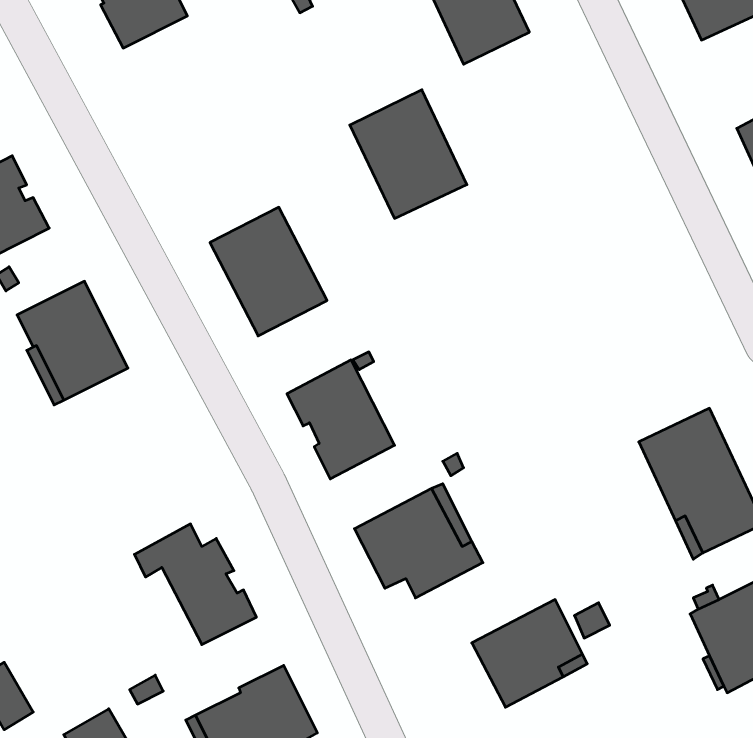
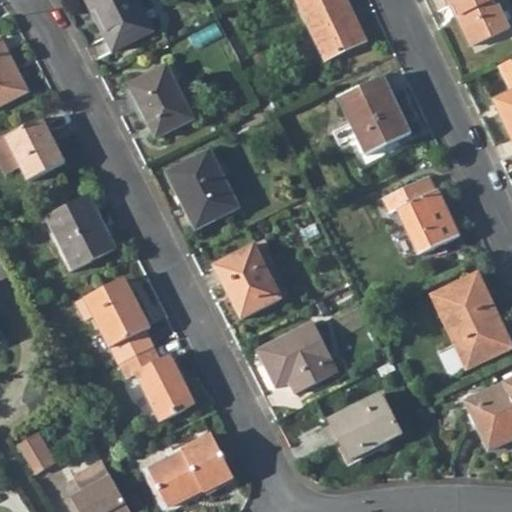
building: none -> [127,64,193,137]
building: [350,90,467,218] -> [338,75,411,155]
building: none -> [384,176,459,254]
building: none -> [84,277,154,364]

